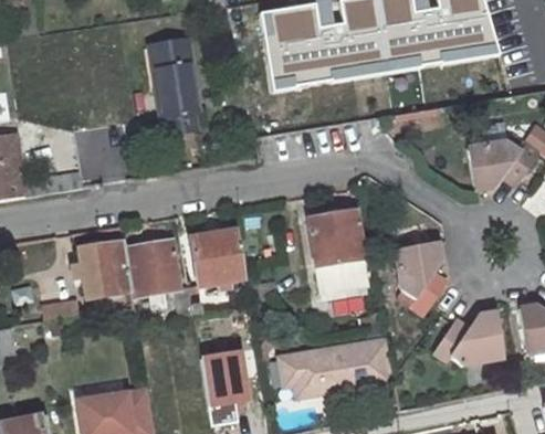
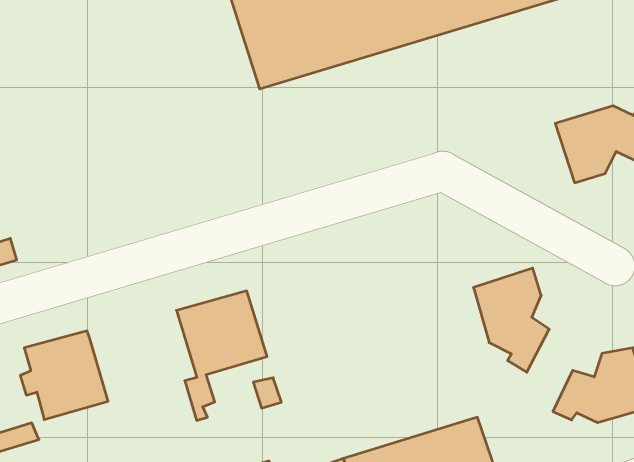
building: [153,34,198,131] -> none
building: [308,209,368,294] -> none
building: [125,241,191,318] -> none

